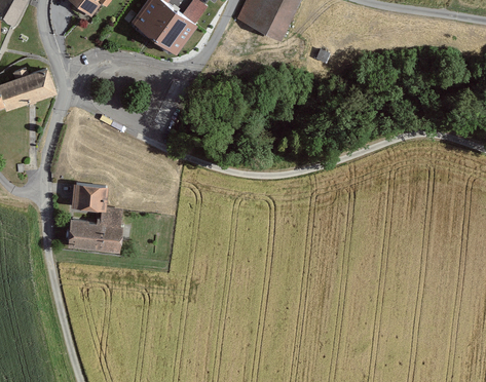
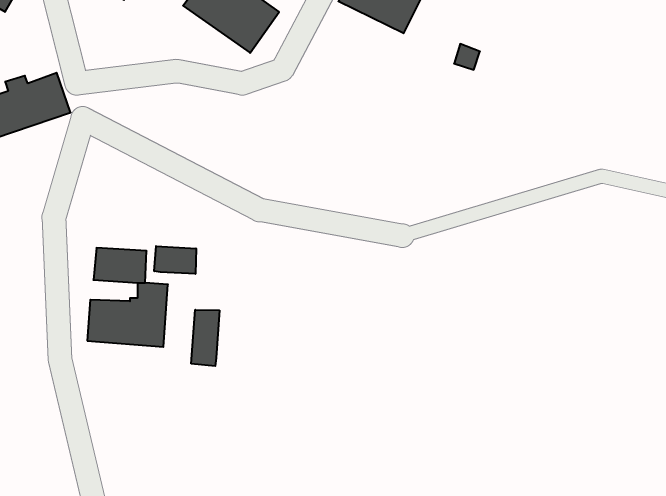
building: none -> [154,246,196,274]
building: none -> [191,310,219,366]

